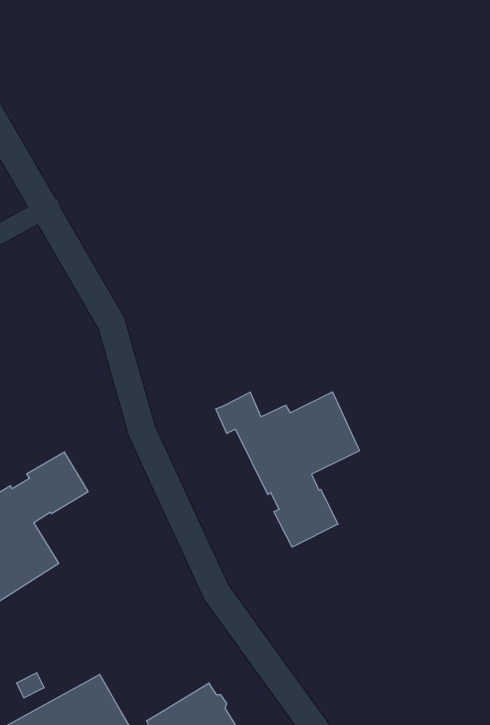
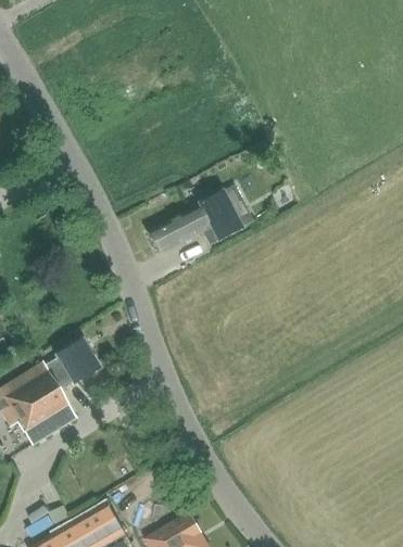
building: none -> [146,190,242,255]
building: [216,392,359,547] -> none

